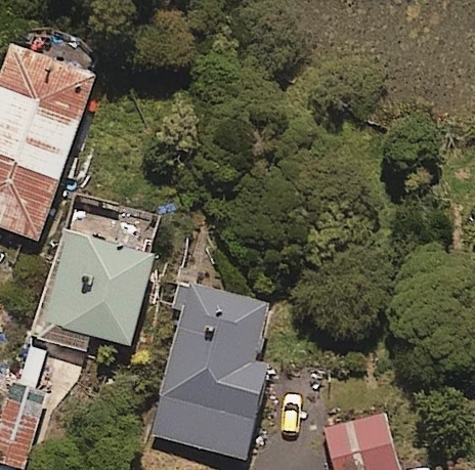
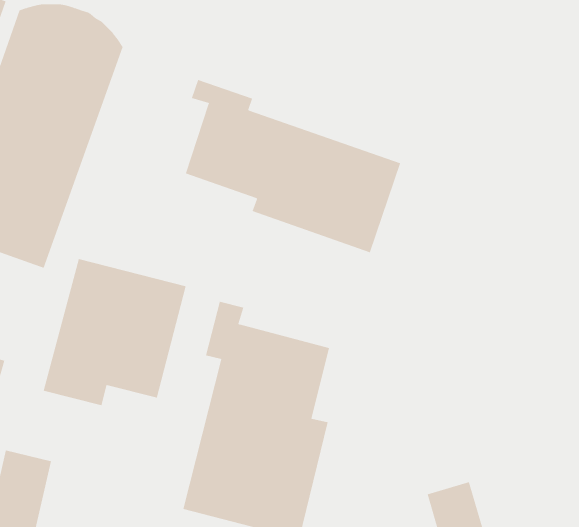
building: none -> [185,79,401,253]

